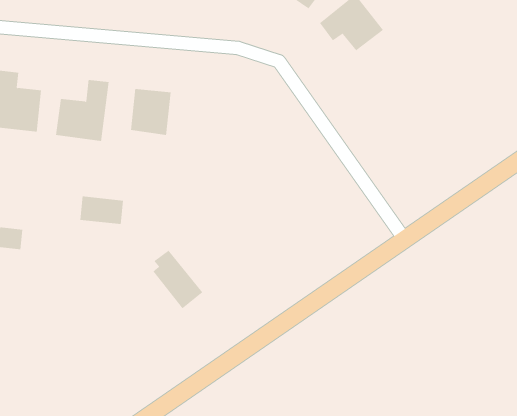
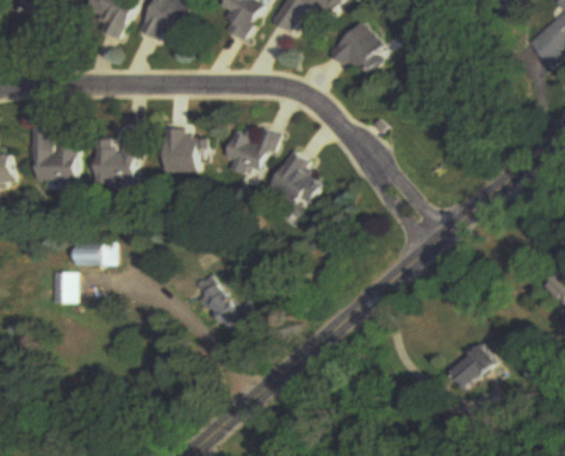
building: none -> [219,130,274,177]
building: none -> [266,150,321,208]
building: [79,196,124,225] -> [76,243,116,266]
building: none -> [453,341,501,388]

